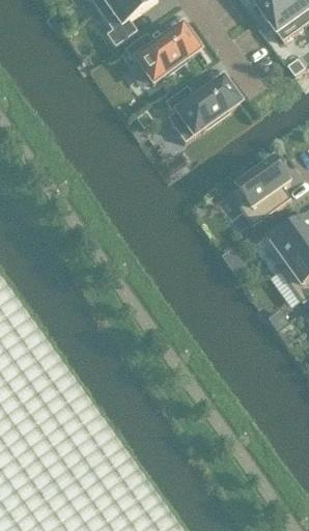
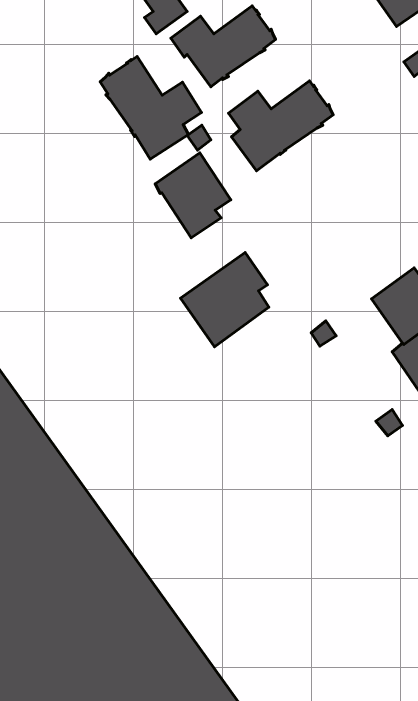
building: none -> [100,57,201,159]
building: none -> [155,153,231,238]
building: [229,157,291,223] -> [180,253,269,347]

